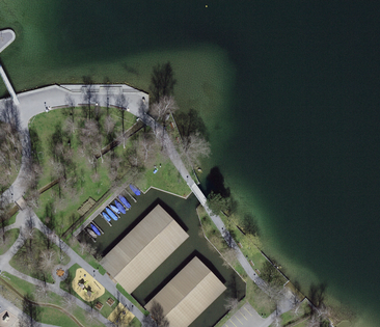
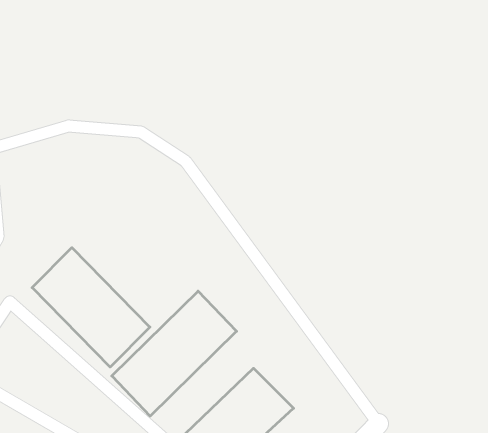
building: none -> [32,248,150,367]

